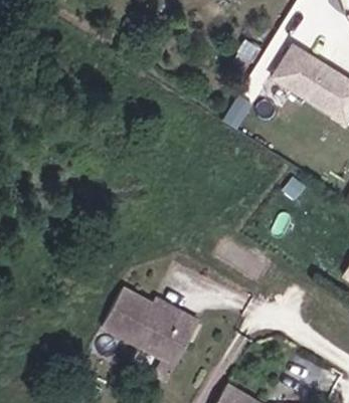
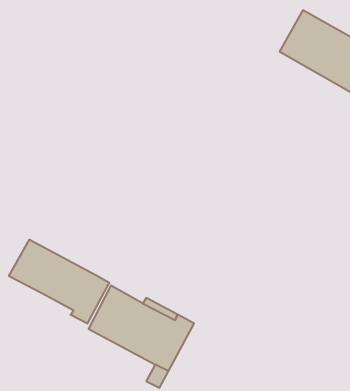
building: none -> [9,240,109,324]

